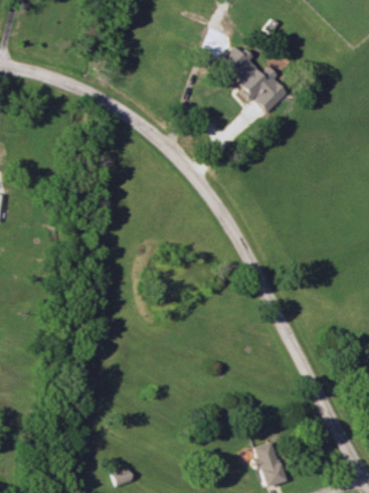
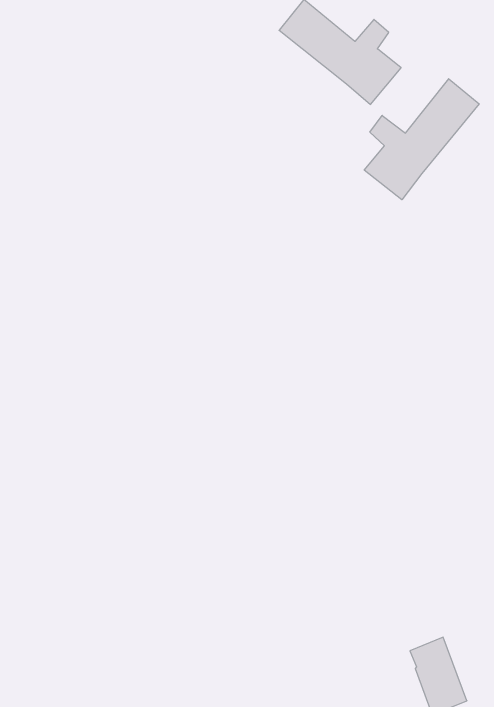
building: none -> [364,79,479,200]

